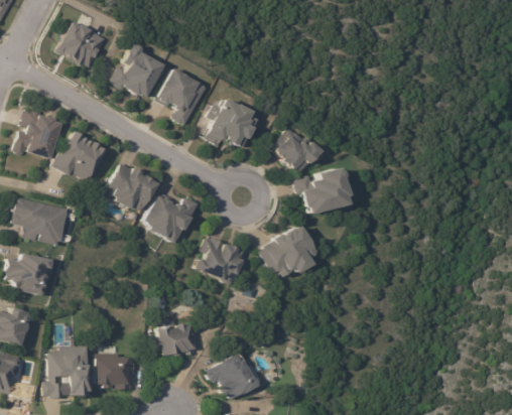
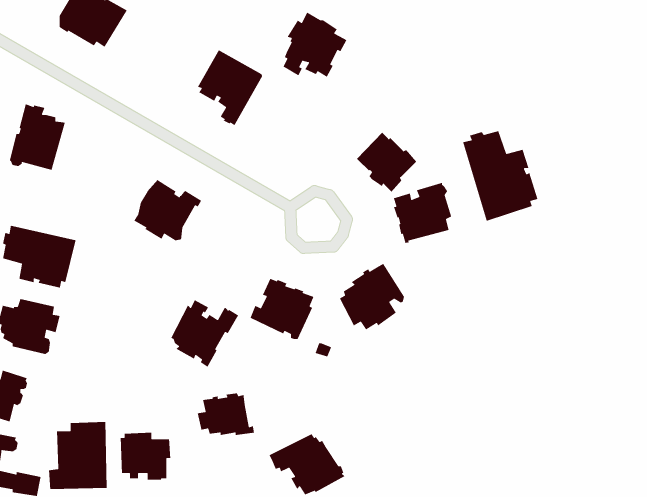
building: [115,44,162,97] -> none
building: [209,99,257,148] -> [283,11,347,78]
building: none -> [462,130,538,222]
building: [53,132,103,179] -> none
building: [146,192,198,244] -> [170,299,239,368]

